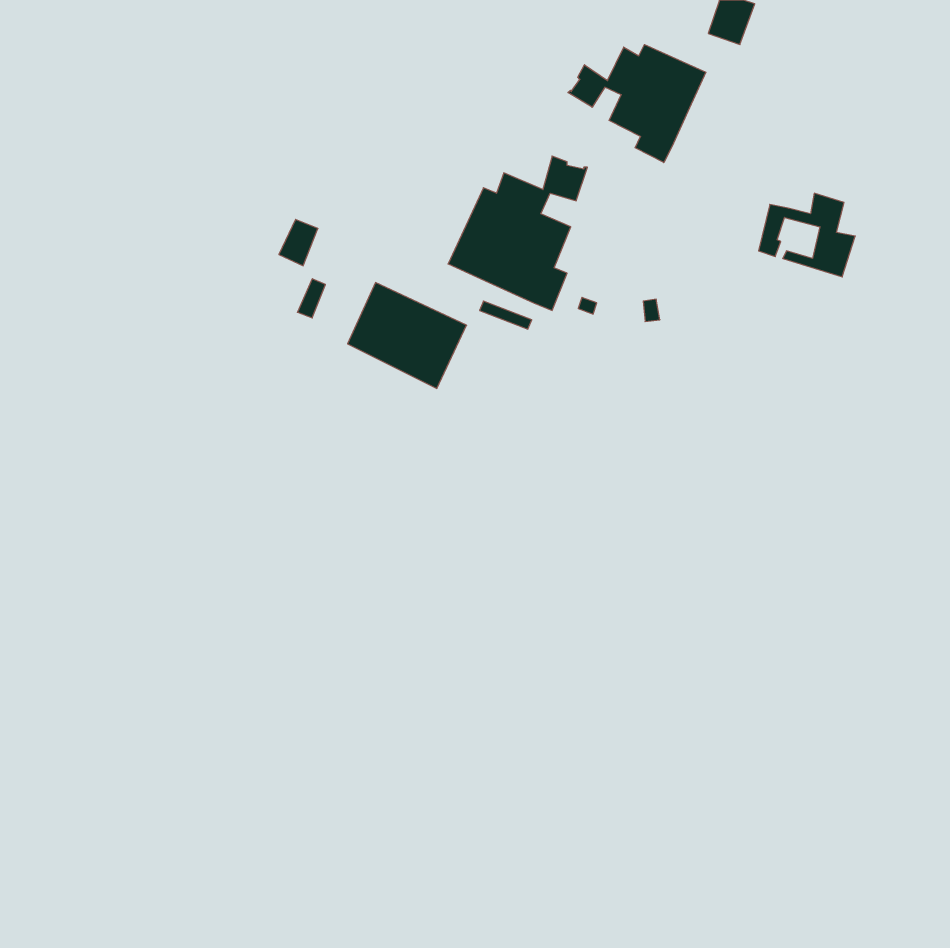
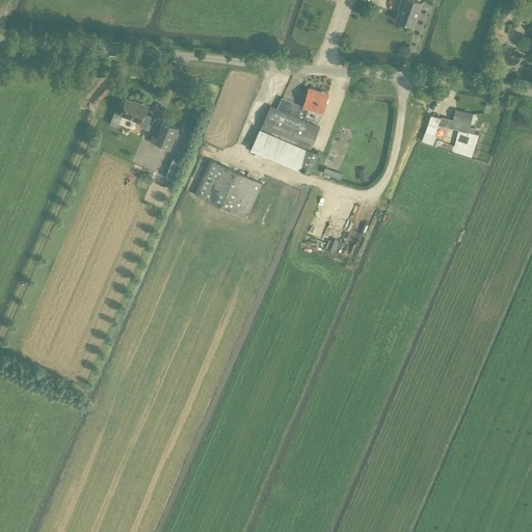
building: [568,45,706,163] -> none
building: none -> [119,99,152,129]

